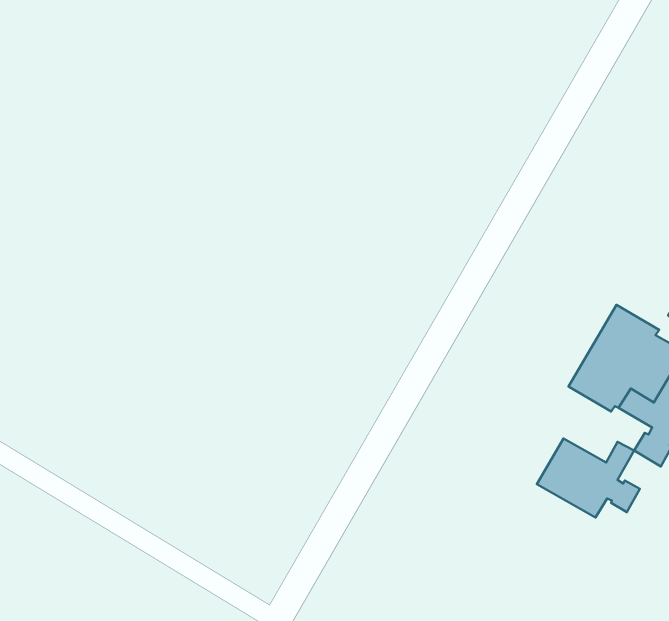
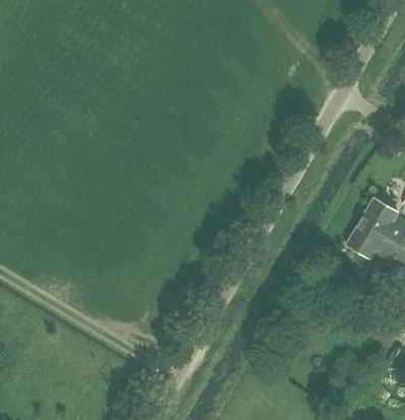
building: [537,438,640,518] -> none

